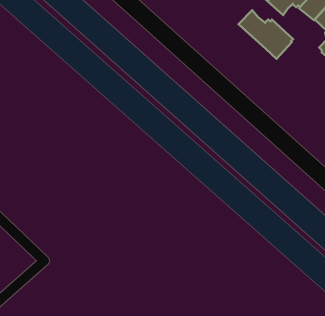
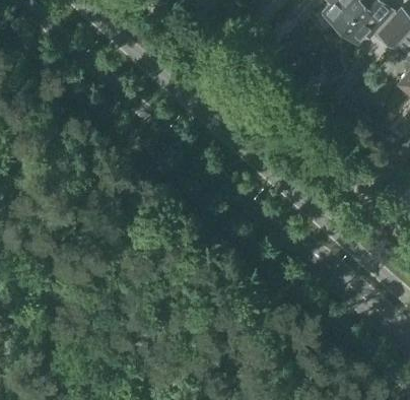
building: [239,10,293,59] -> none

